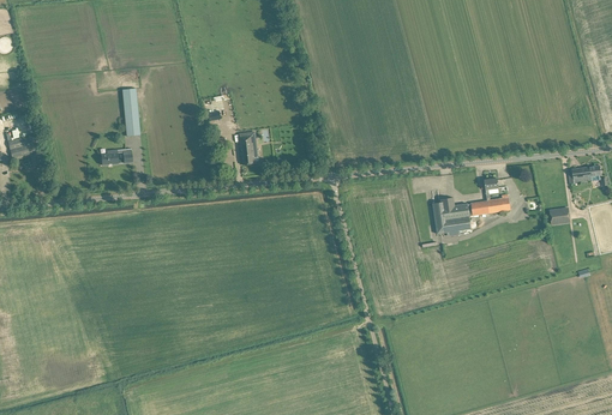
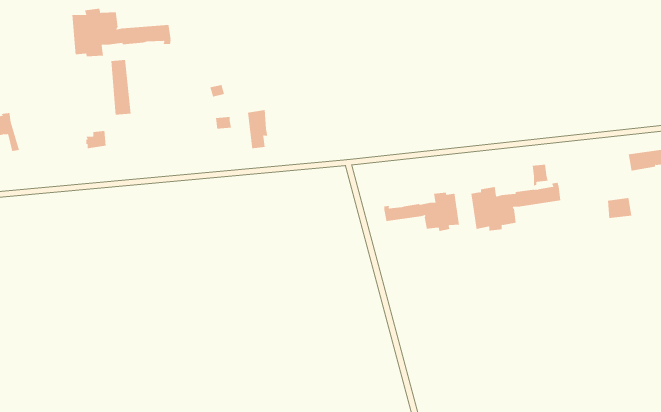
building: none -> [72,8,171,57]
building: none -> [384,192,460,232]

